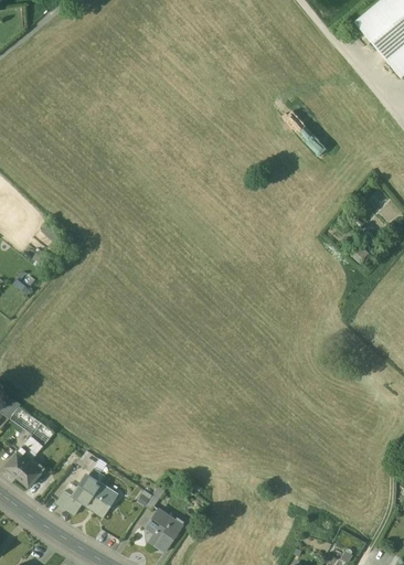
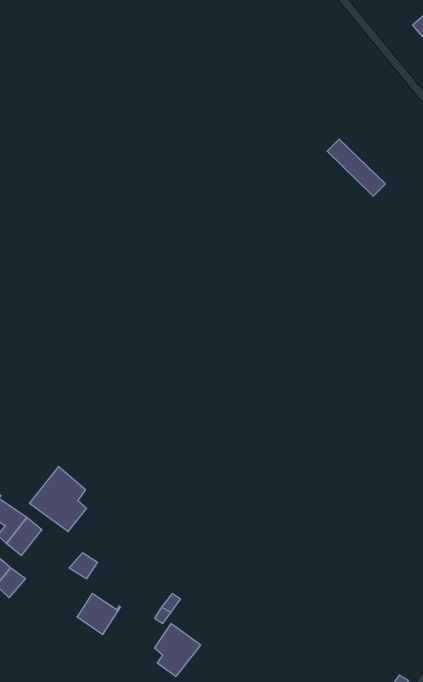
building: none -> [30,466,87,532]
building: [55,475,97,514] -> none

